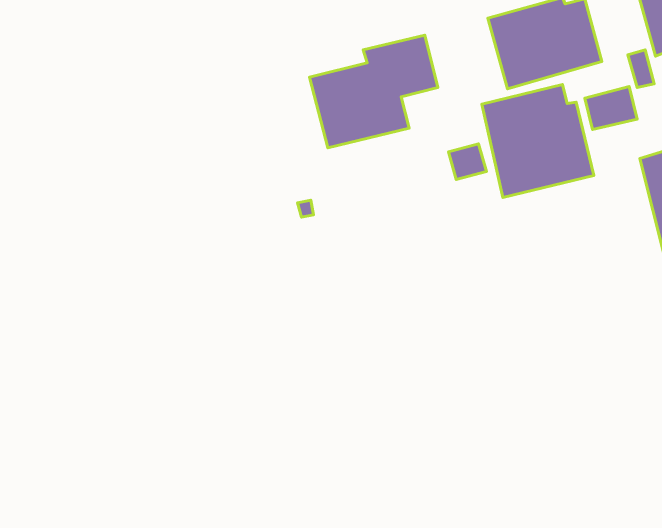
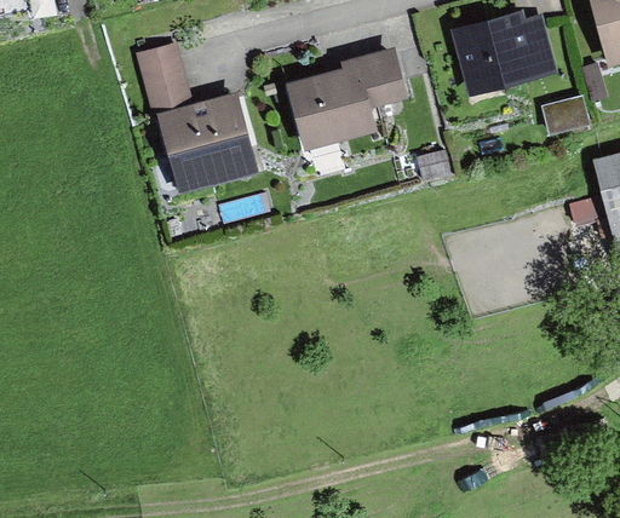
building: none -> [137,42,193,108]
building: none -> [156,91,259,194]
building: [482,84,594,197] -> none

